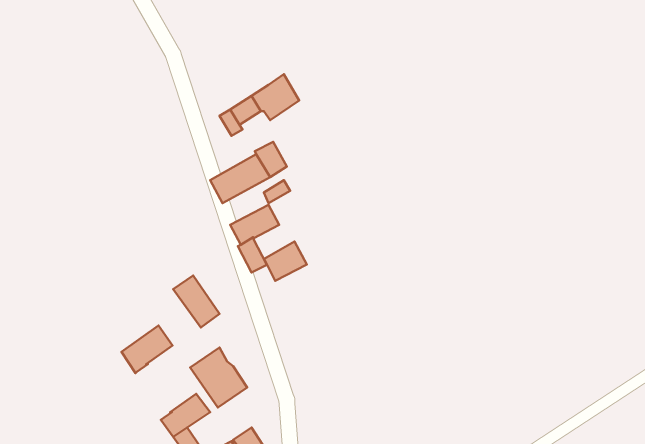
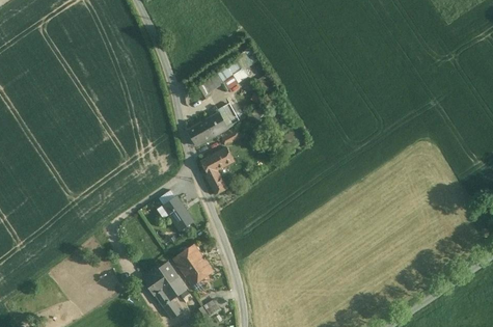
building: [264,241,307,281] -> none
building: [122,326,172,373] -> [144,262,179,294]

